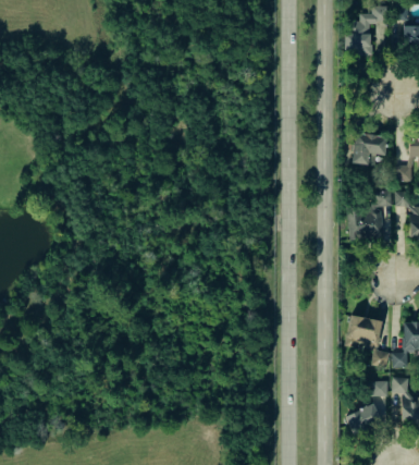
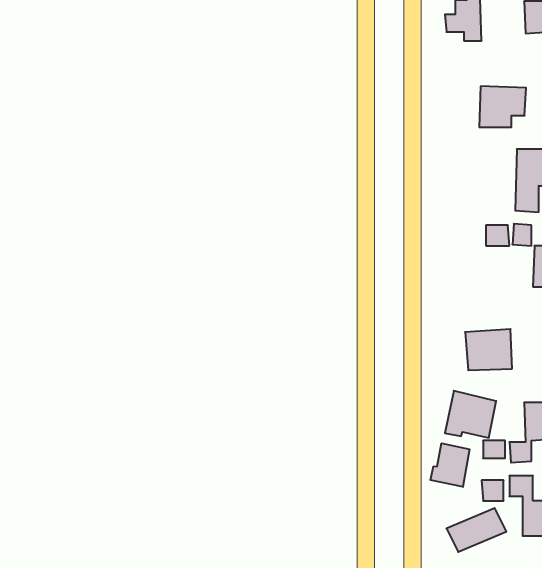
building: [353,134,387,164] -> [479,86,526,127]
building: [348,209,383,240] -> [465,329,512,370]
building: none -> [430,443,470,487]

